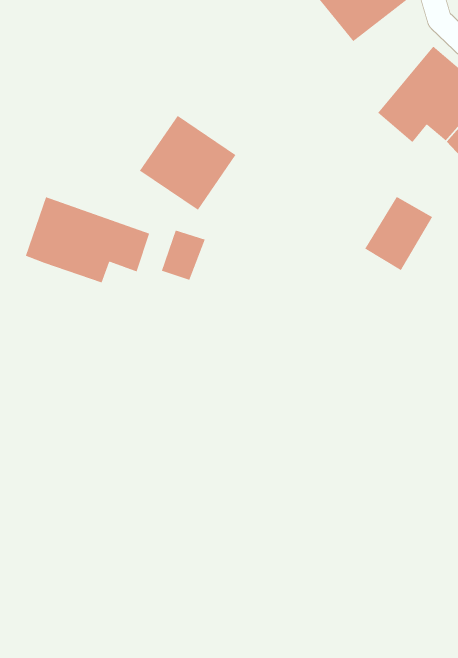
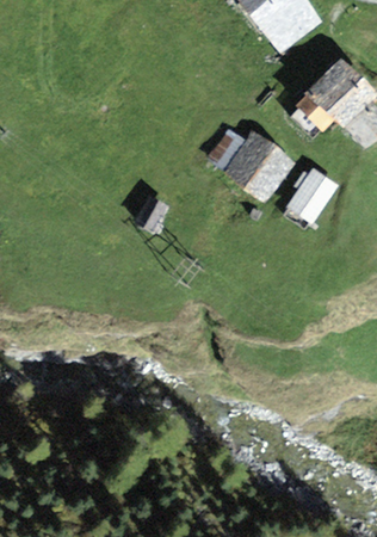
building: [139,115,237,211] -> [221,128,293,199]
building: [25,196,150,283] -> none

